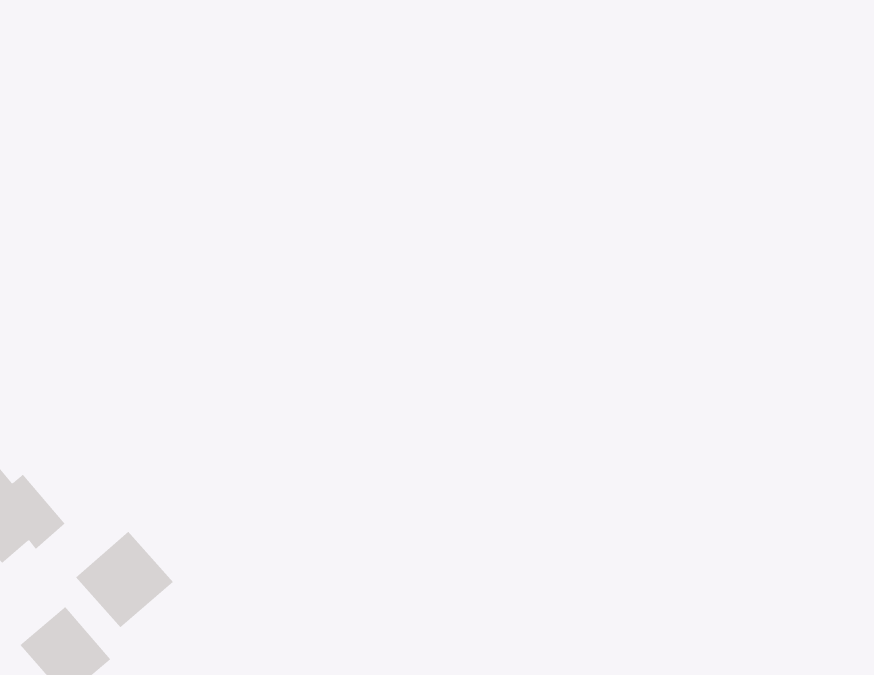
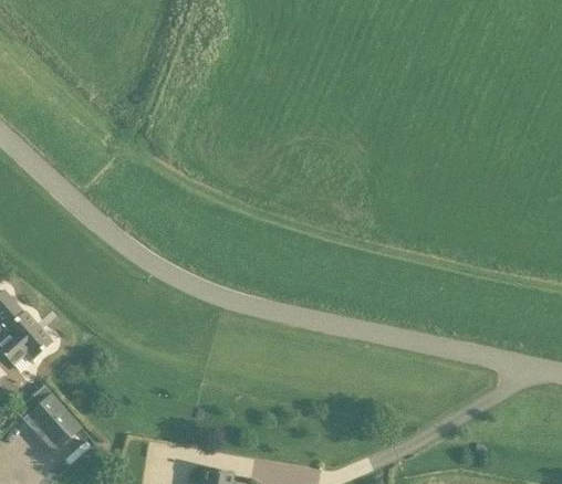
building: [75,531,174,628] -> none

